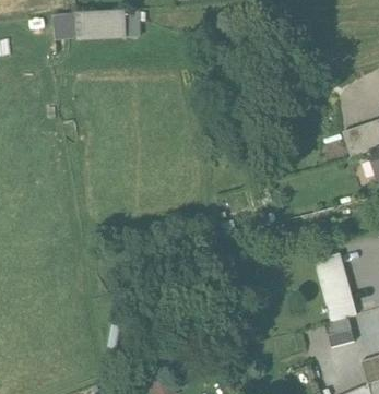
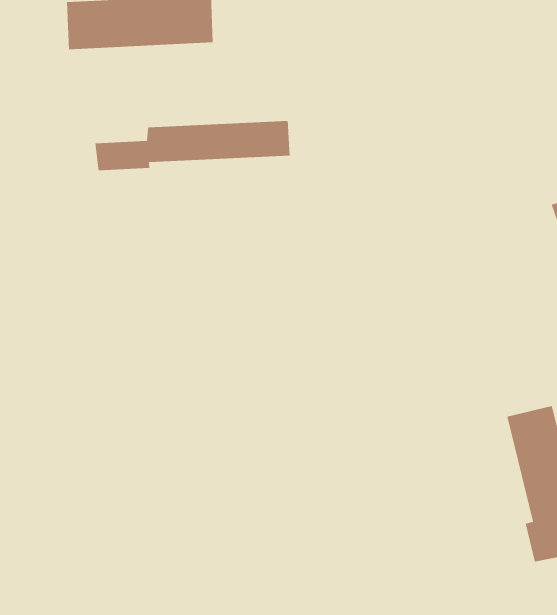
building: none -> [95,120,290,171]

